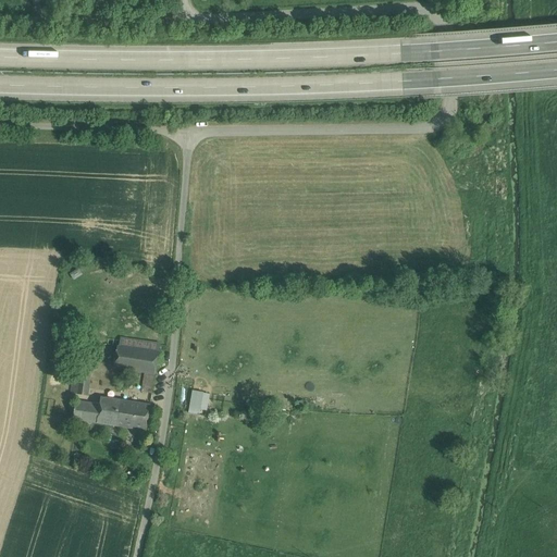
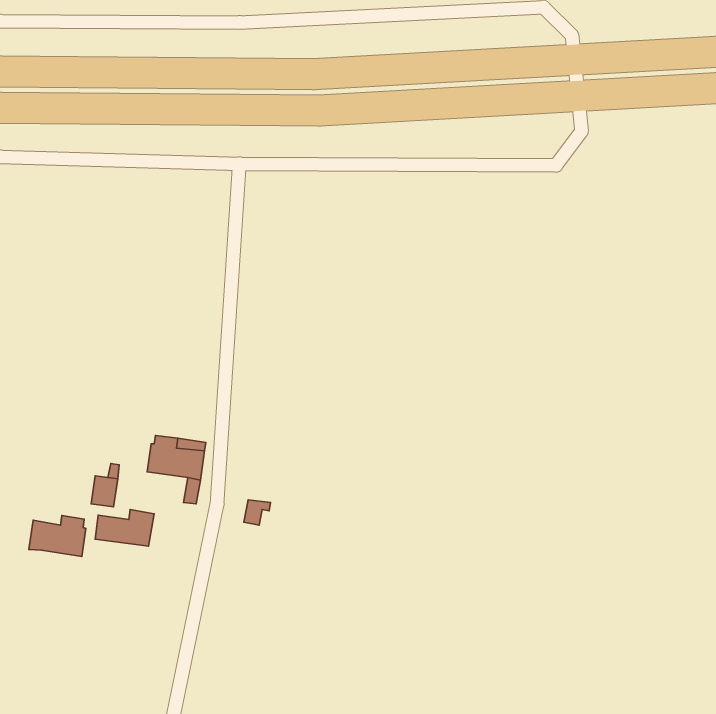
building: [115,399,150,430] -> none
building: none -> [29,516,86,556]

